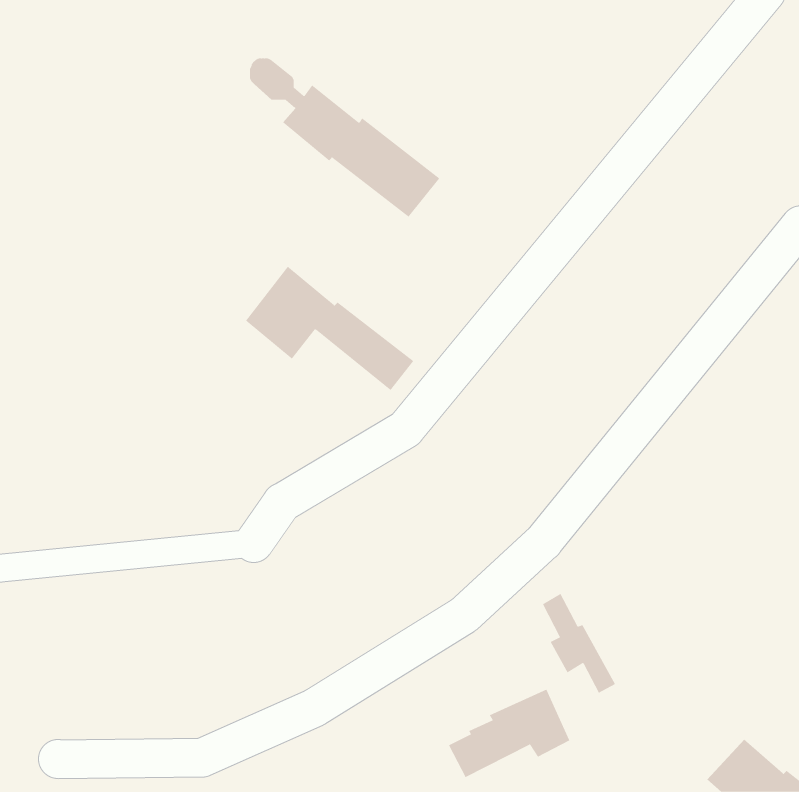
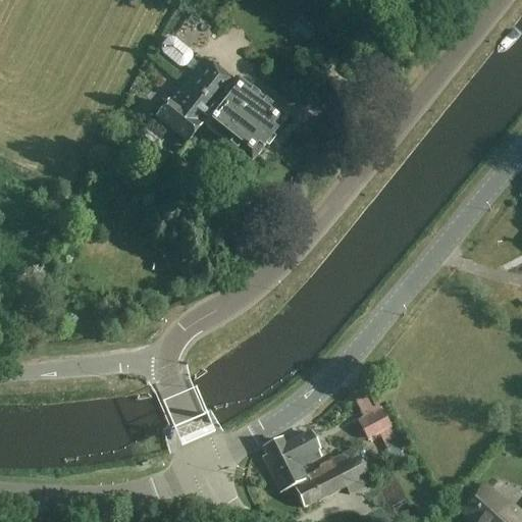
building: [245,266,414,391] -> [157,80,267,161]
building: none -> [264,432,322,491]

